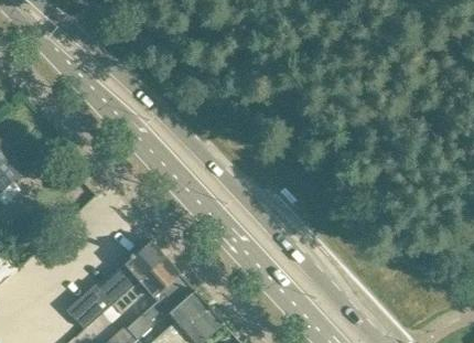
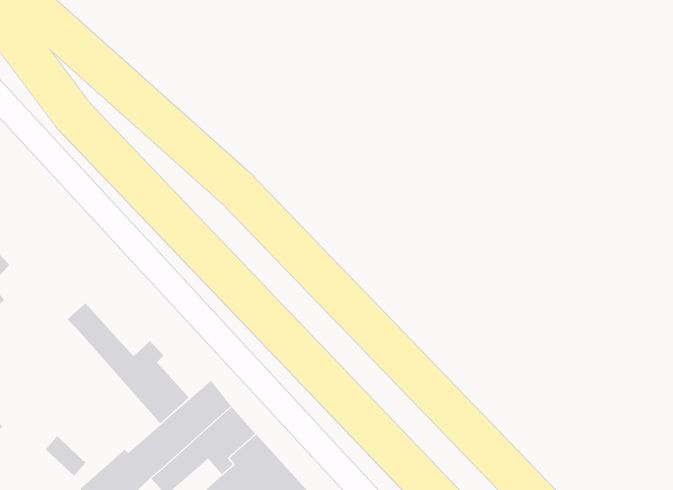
building: none -> [67,303,190,424]

